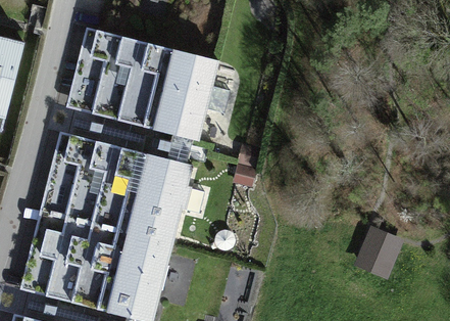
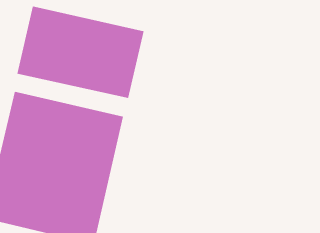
building: [349,232,388,273] -> none

